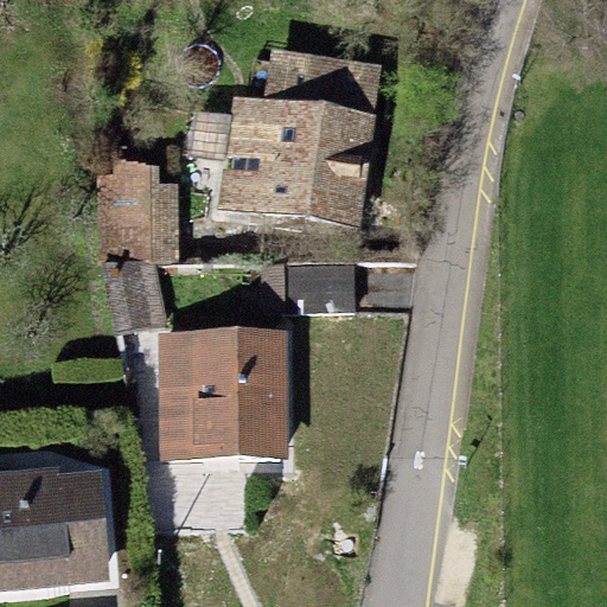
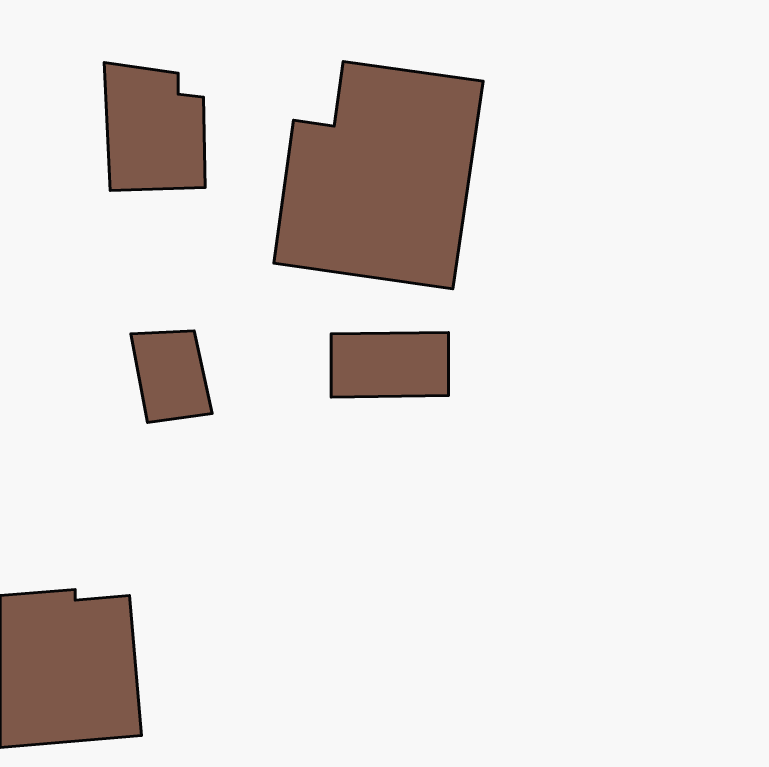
building: [98,158,178,258] -> [104,63,205,190]
building: [156,331,288,458] -> none

